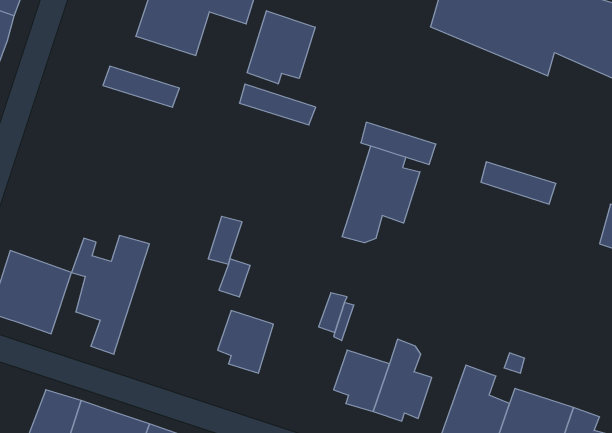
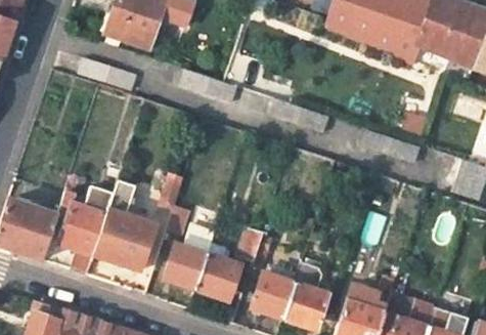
building: [247,11,315,84] -> none
building: [342,146,420,243] -> none
building: none -> [95,181,158,270]
building: none -> [197,252,241,296]

